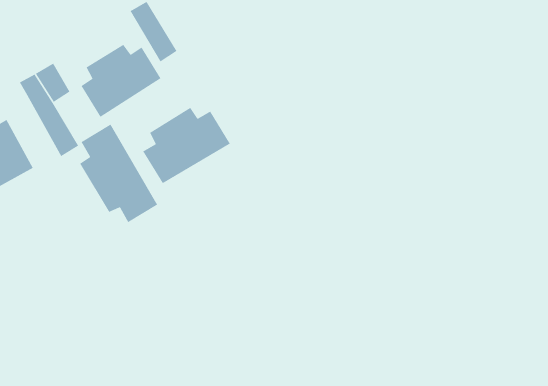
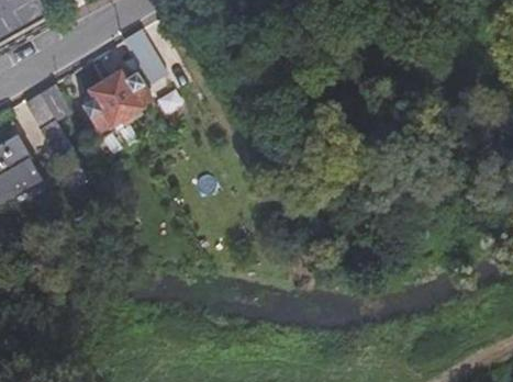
building: [142,107,231,184] -> none
building: [79,124,158,223] -> none

